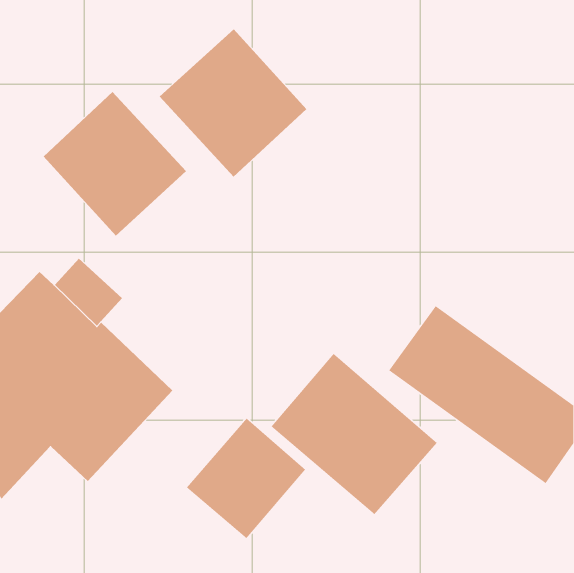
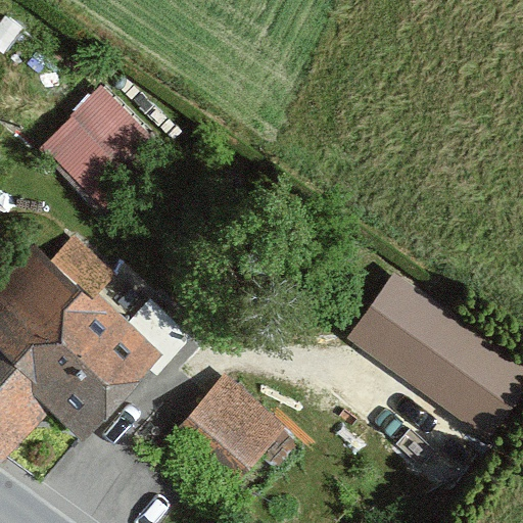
building: [159,28,307,178] -> none
building: [270,353,438,515] -> none

